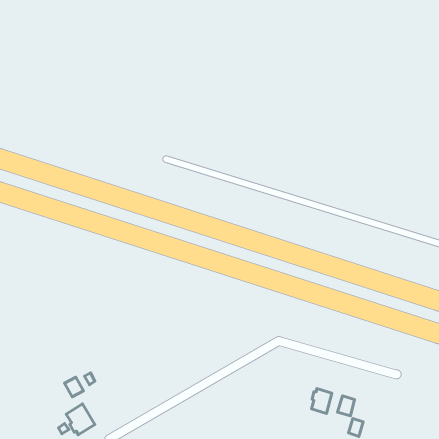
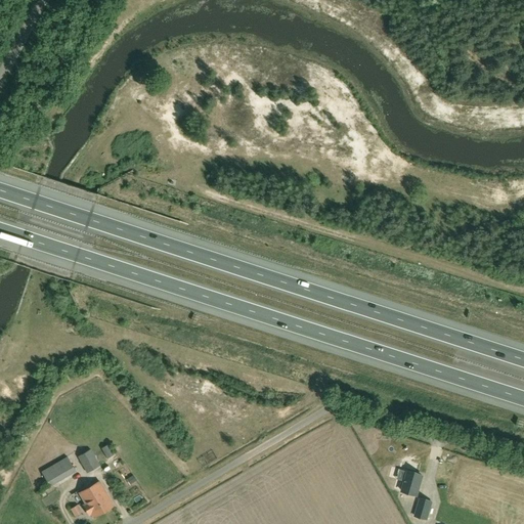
building: none -> [41,455,75,485]
building: [311,388,332,414] -> none

